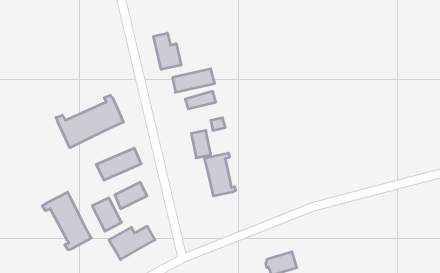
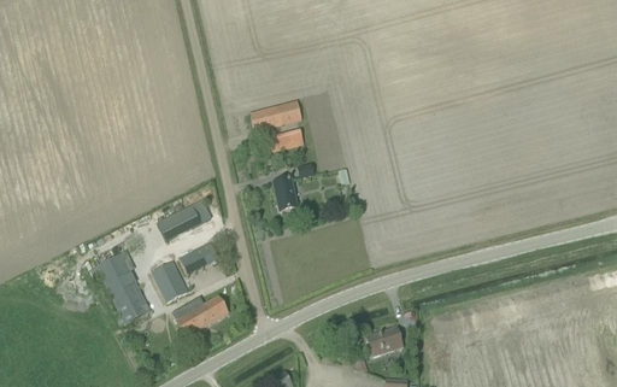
building: [154,33,181,69] -> none
building: [56,95,123,148] -> none
building: [204,153,235,196] -> none

